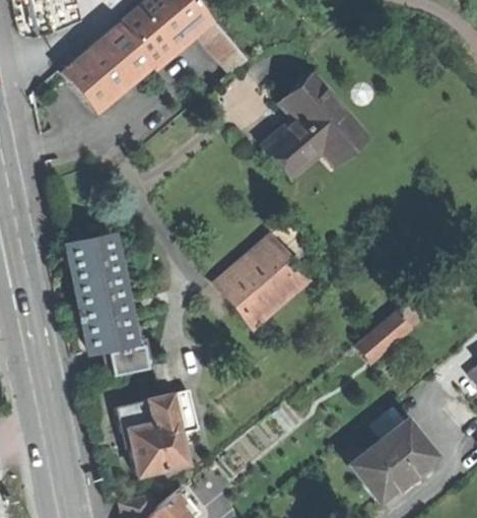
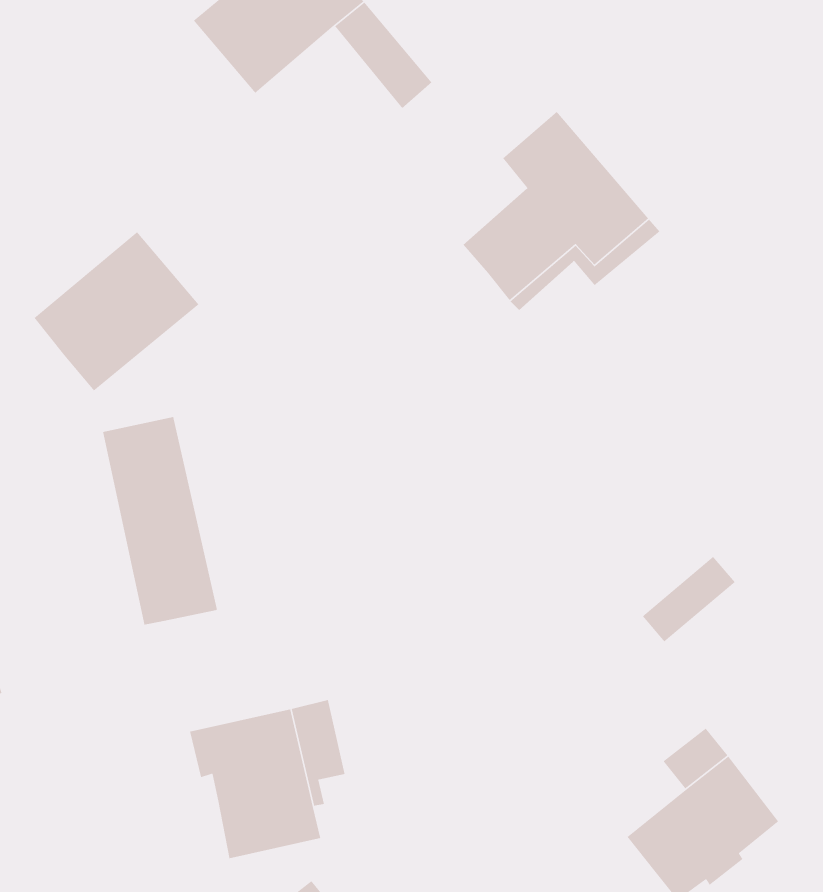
building: [61,25,150,112] -> [33,231,199,391]
building: [218,234,311,324] -> none
building: [100,338,150,369] -> none

